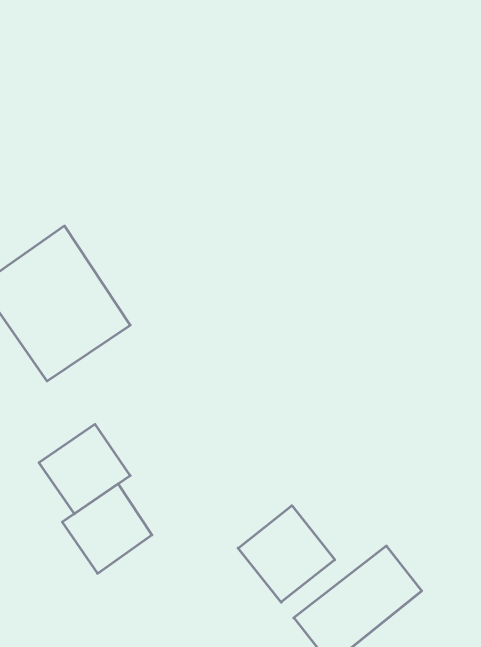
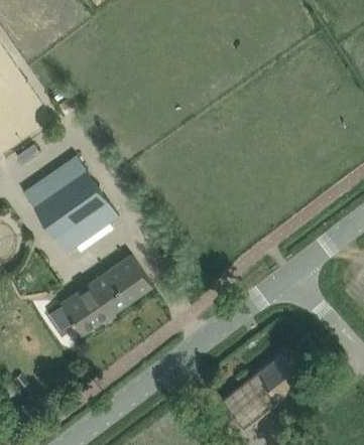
building: [62,484,152,573] -> [95,257,151,313]
building: [238,506,335,602] -> none

